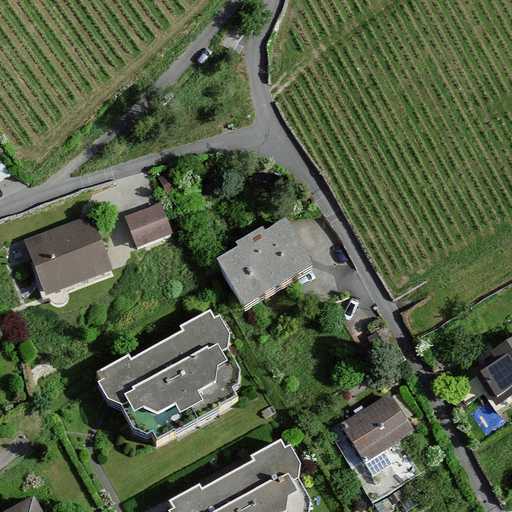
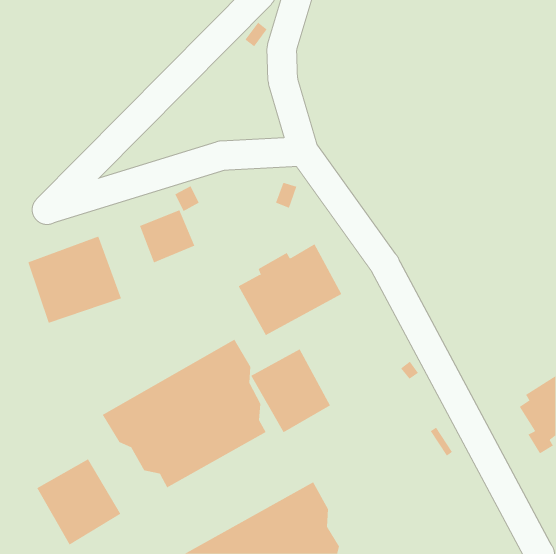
building: none -> [251,349,331,433]
building: [341,393,411,474] -> none
building: none -> [36,458,121,546]

